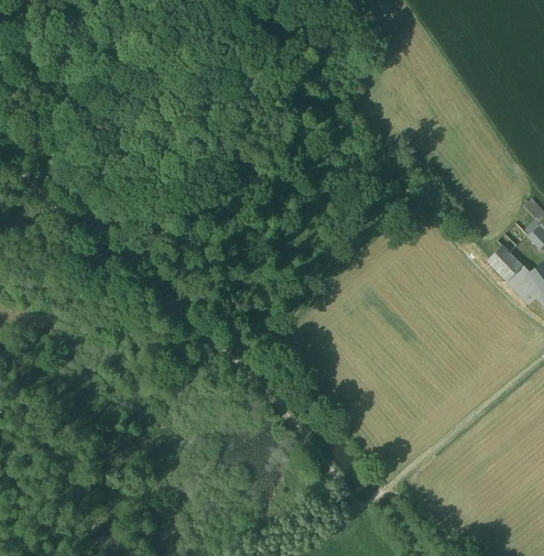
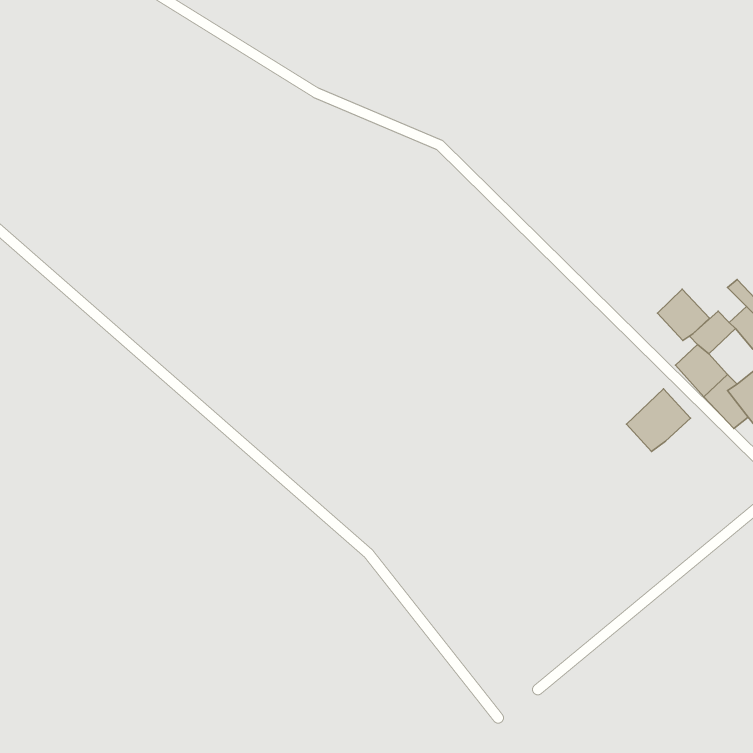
building: none -> [657,289,709,340]
building: none -> [626,389,690,451]

